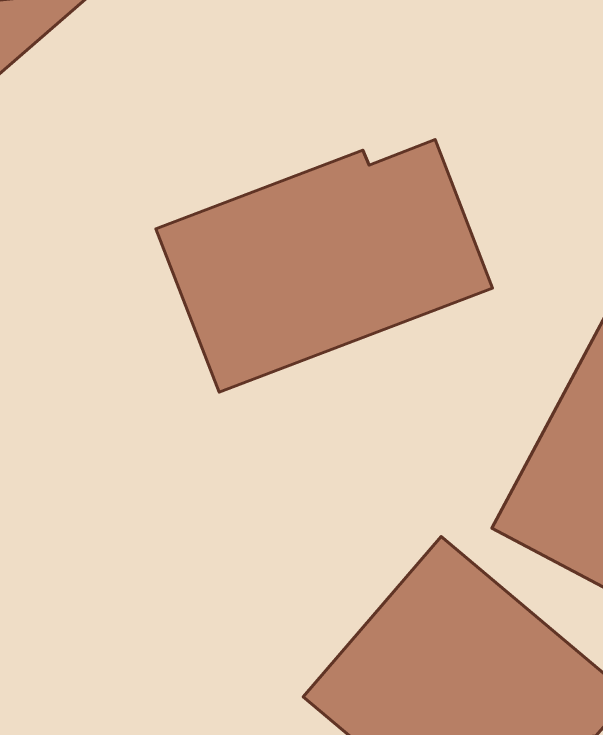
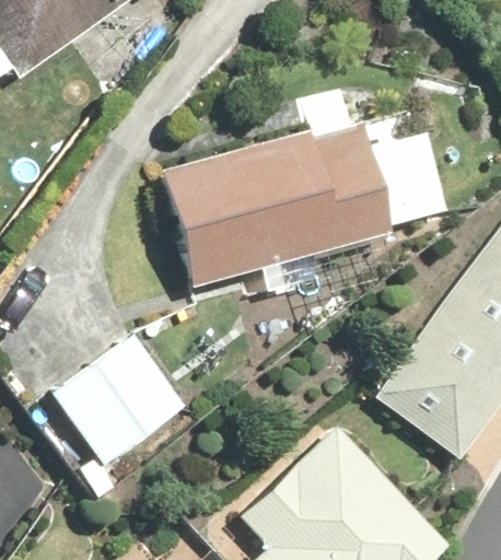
building: none -> [50,331,177,456]

